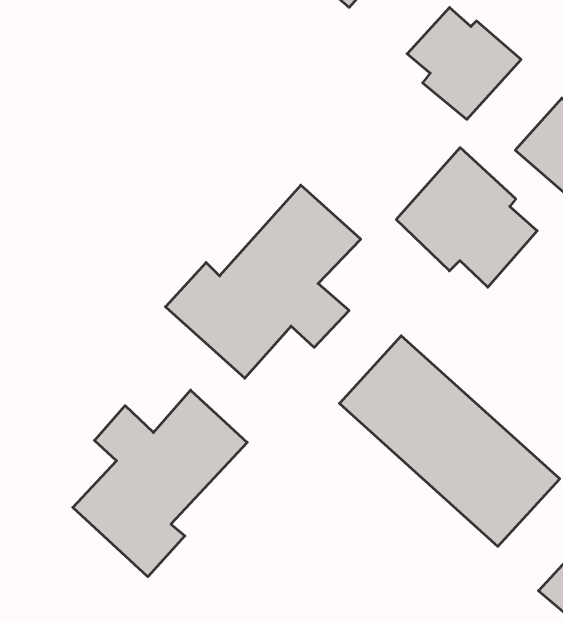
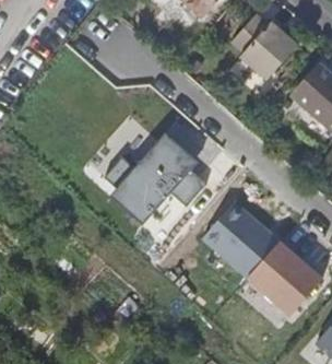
building: [396,148,537,287] -> none
building: [73,390,247,577] -> none

